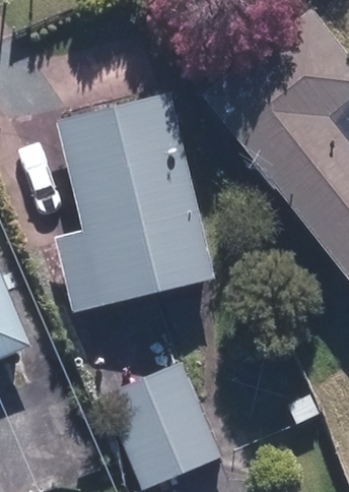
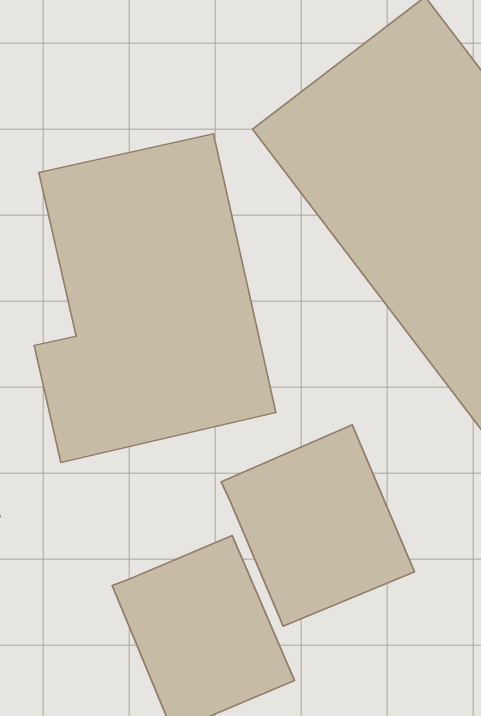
building: none -> [221,425,414,626]

